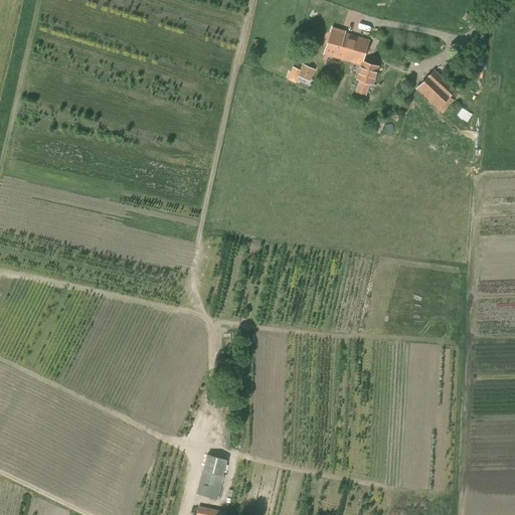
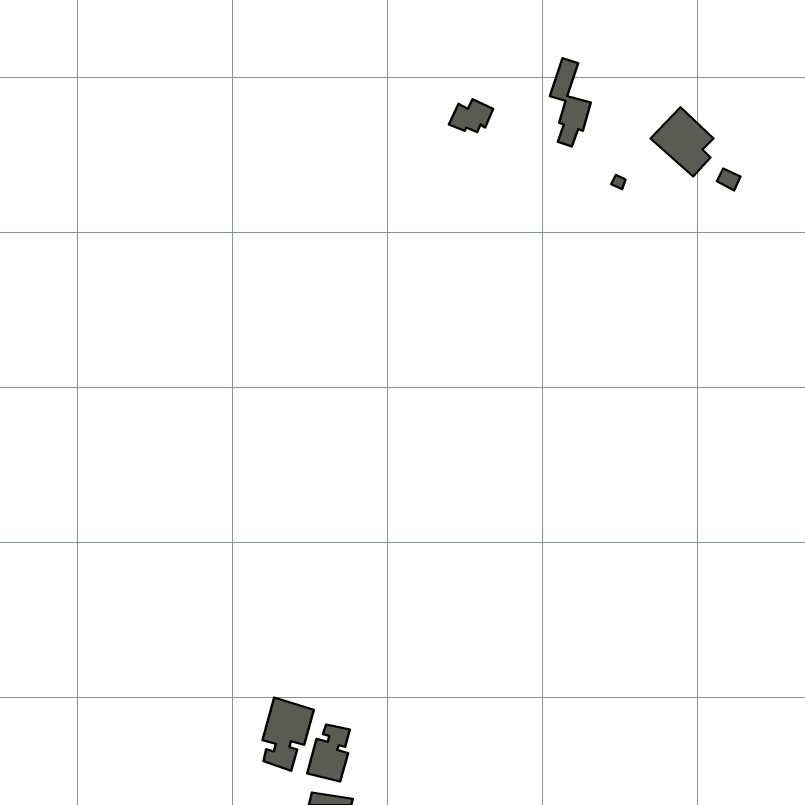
building: [324,27,359,61] -> none
building: none -> [262,697,314,771]

